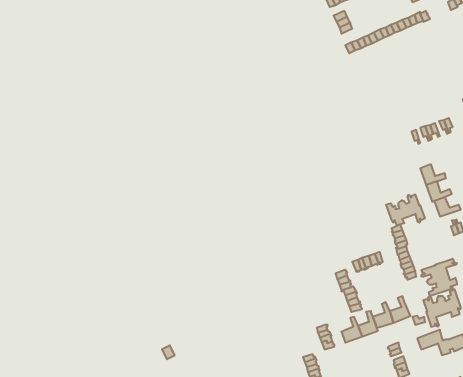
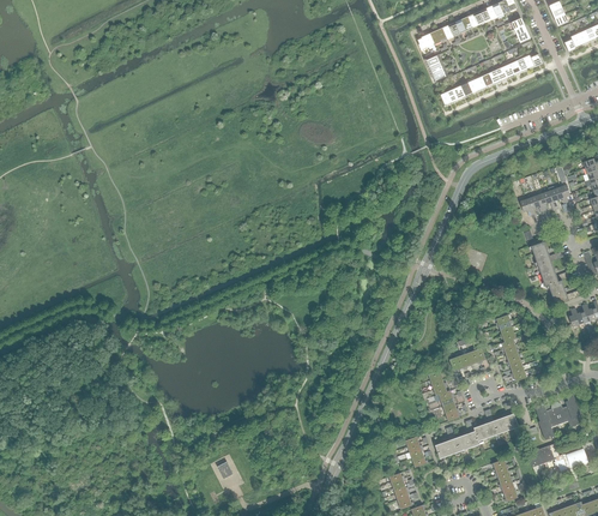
building: [386,194,425,226] -> none
building: [421,259,457,296] -> none

